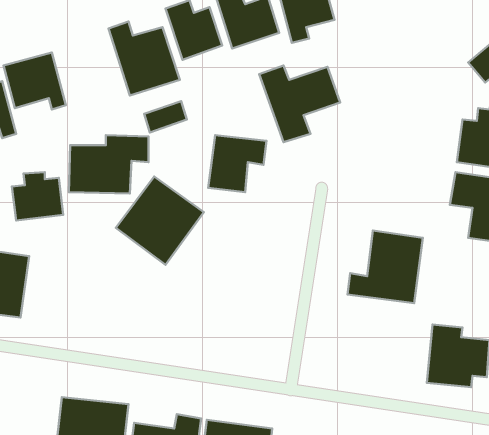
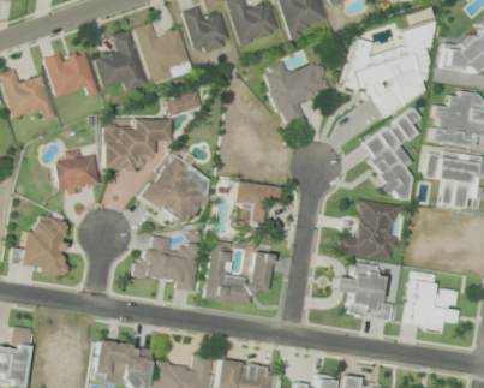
building: none -> [342,24,434,118]
building: none -> [95,30,148,91]
building: none -> [359,109,420,202]
building: [208,135,266,192] -> [233,181,282,229]
building: none -> [135,237,202,289]
building: none -> [205,239,273,305]
building: none -> [334,262,393,322]

